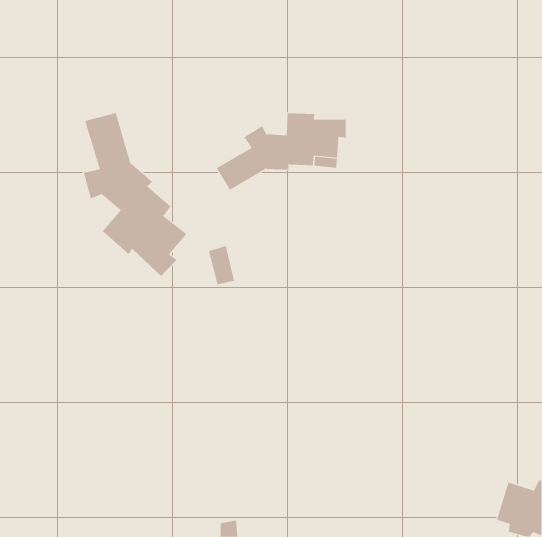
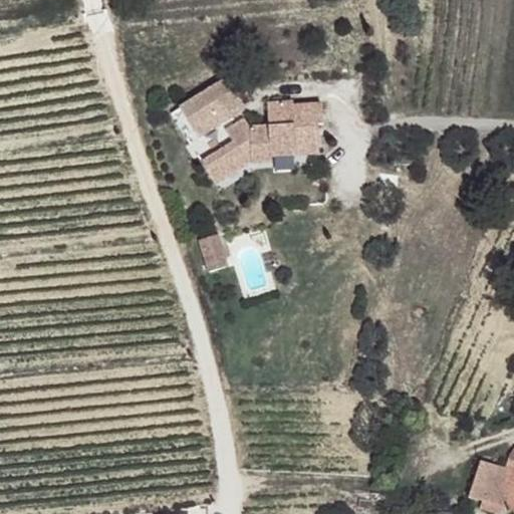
building: none -> [185,78,249,136]
building: [83,112,187,277] -> none

